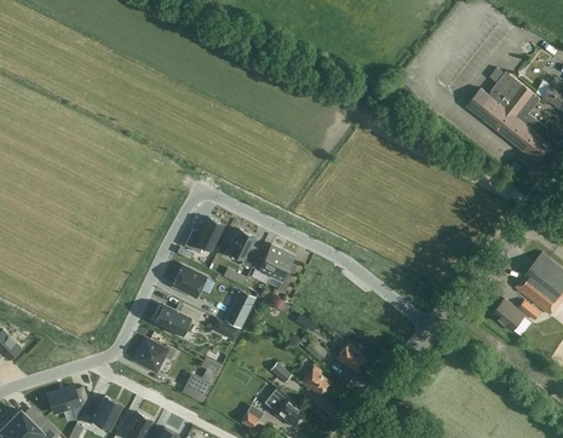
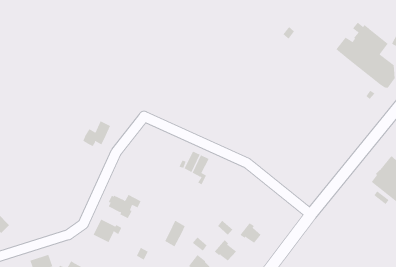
building: [184,218,223,254] -> [83,120,111,147]
building: [228,229,258,267] -> none
building: [173,267,206,298] -> none
building: [225,290,254,328] -> [164,220,186,247]
building: [492,300,525,333] -> none

